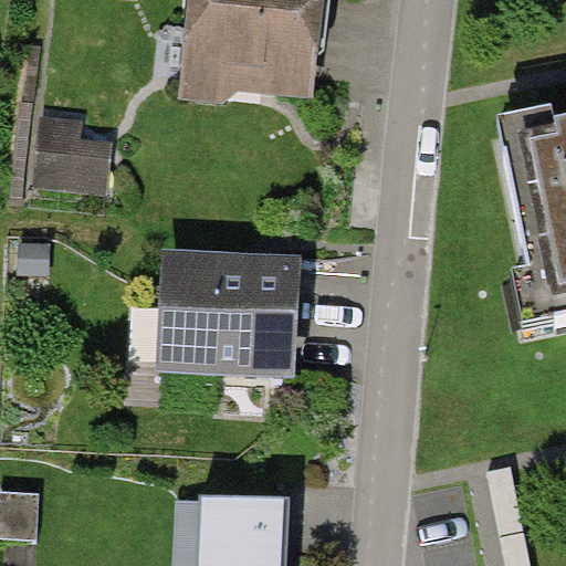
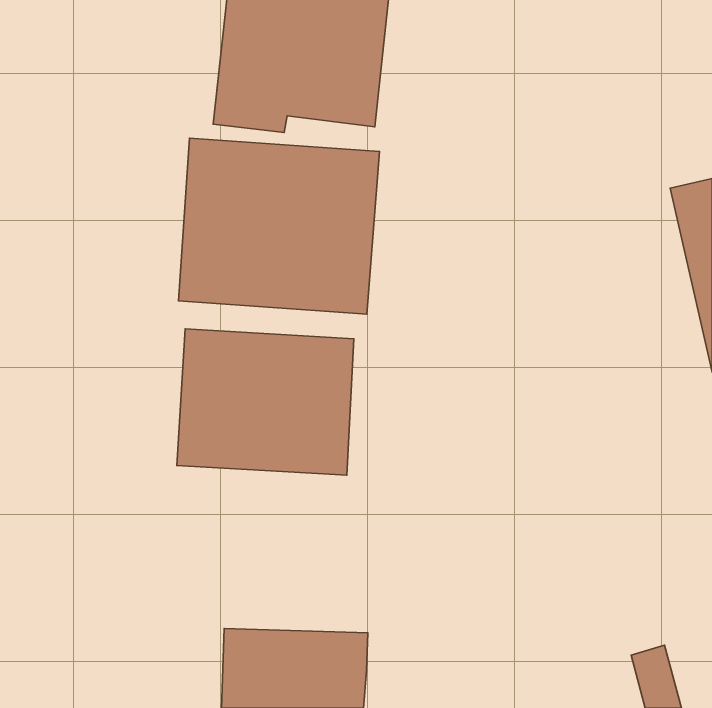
building: none -> [179,138,380,314]
building: [41,114,123,188] -> none

